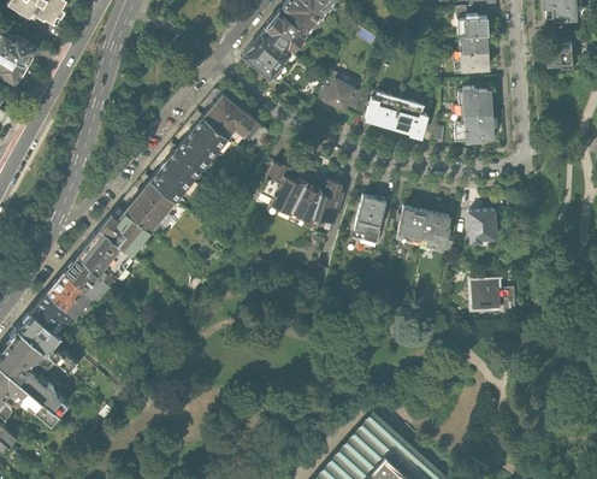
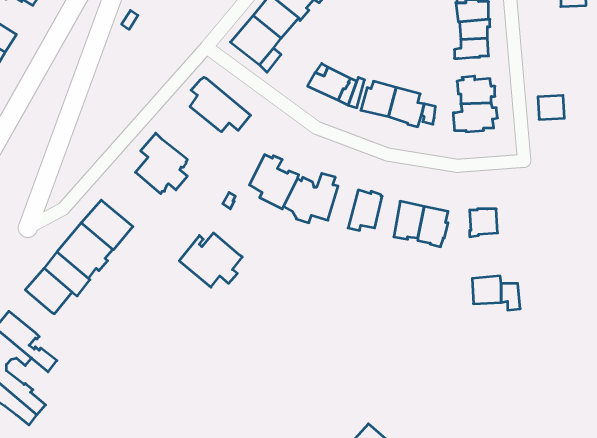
building: [549,45,574,67] -> [538,95,564,119]
building: [177,111,230,167] -> none
building: [119,179,179,231] -> [179,233,242,287]
building: [31,291,72,332] -> none

